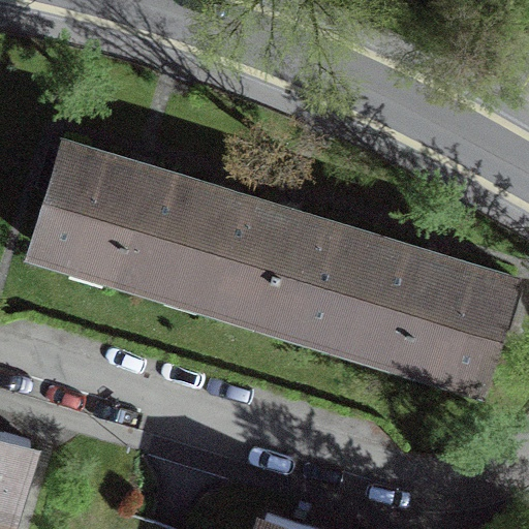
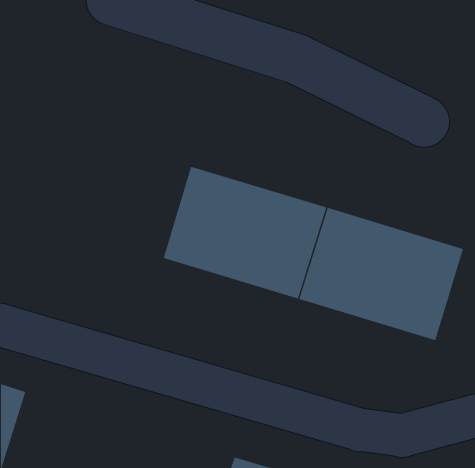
building: [31,147,212,294] -> none

